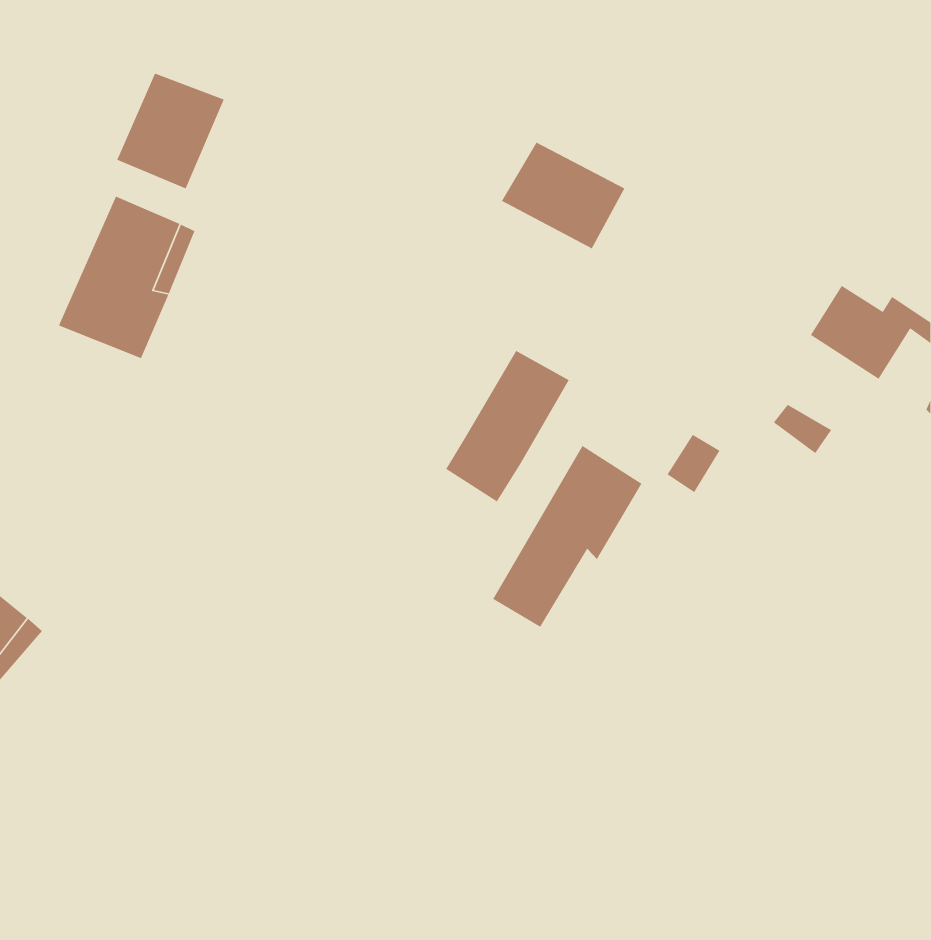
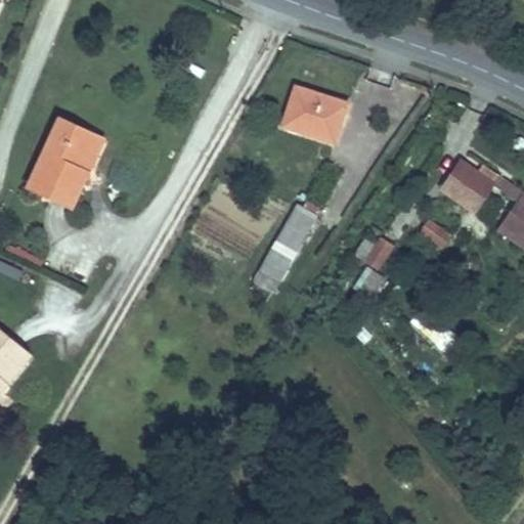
building: [116,73,225,189] -> none
building: [492,445,642,628] -> none

